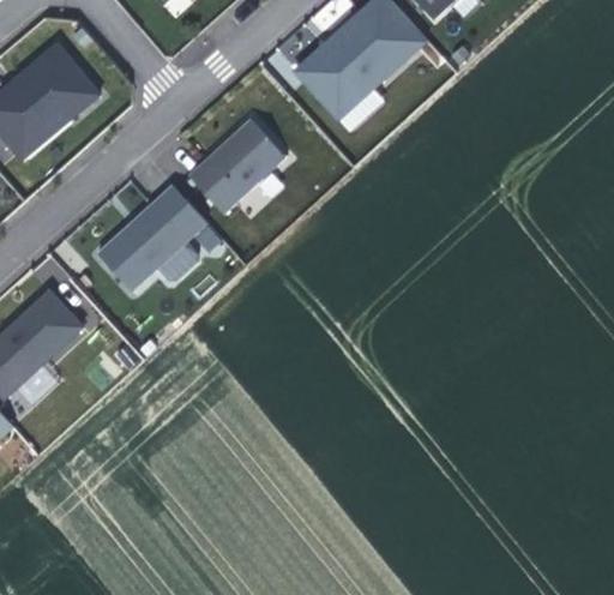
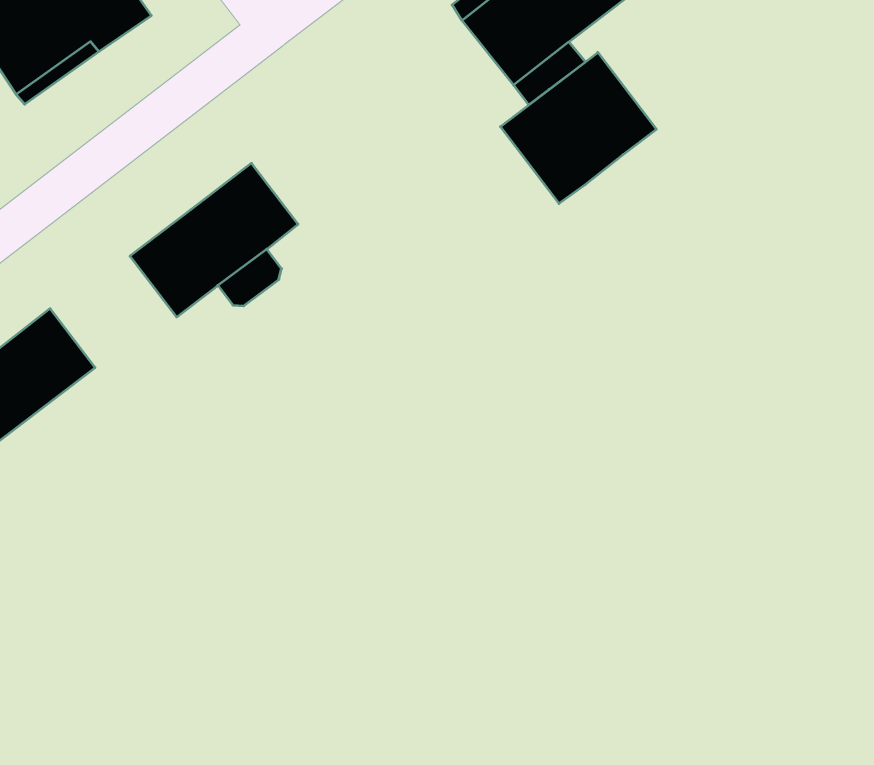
building: none -> [500,52,656,204]
building: [189,120,284,212] -> none

